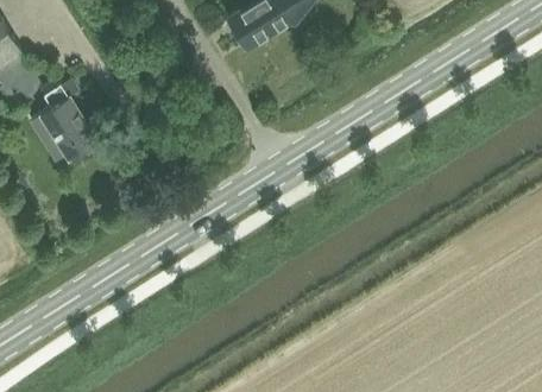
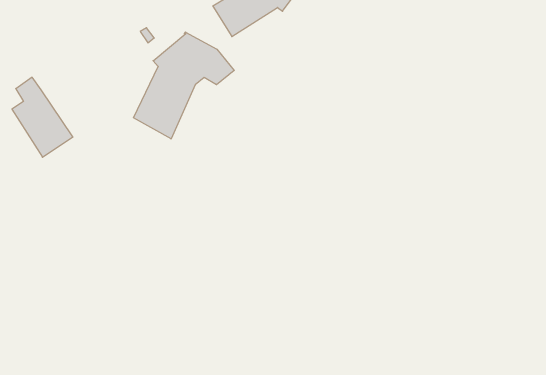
building: none -> [134,32,234,139]

